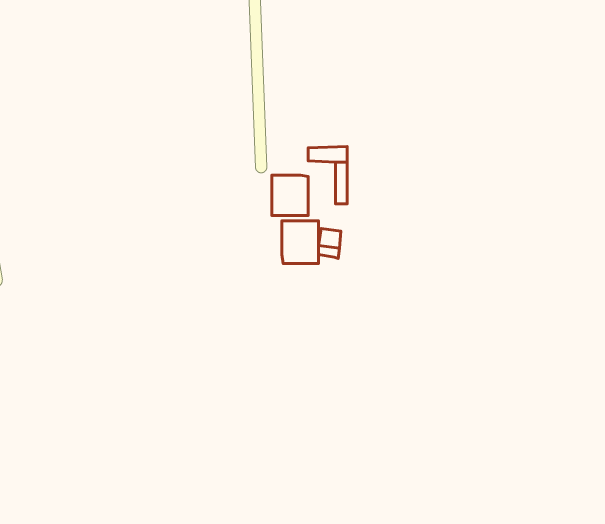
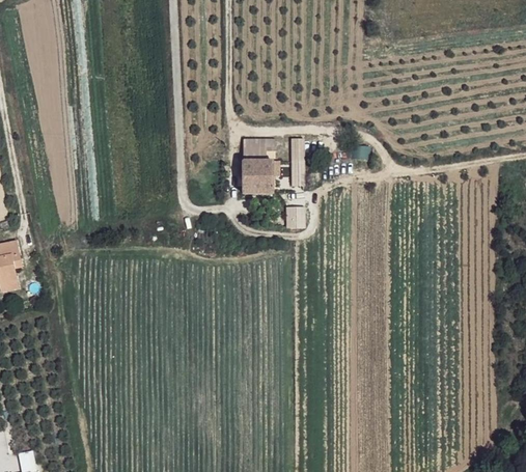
building: none -> [244,140,273,162]
building: [282,221,319,264] -> none

